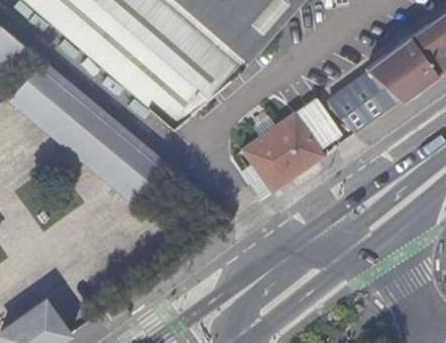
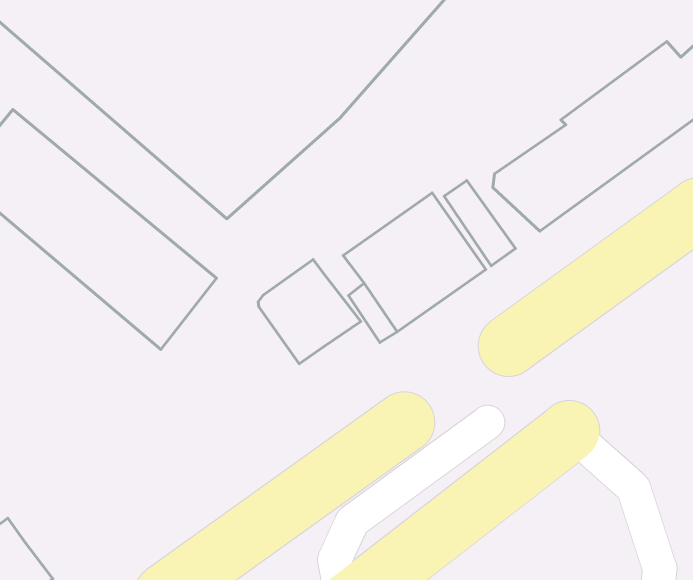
building: none -> [258,260,361,364]

